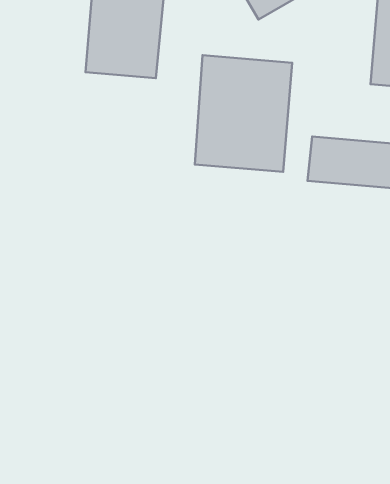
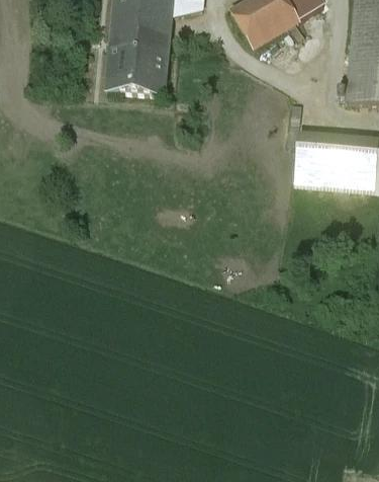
building: [195,55,292,172] -> none

